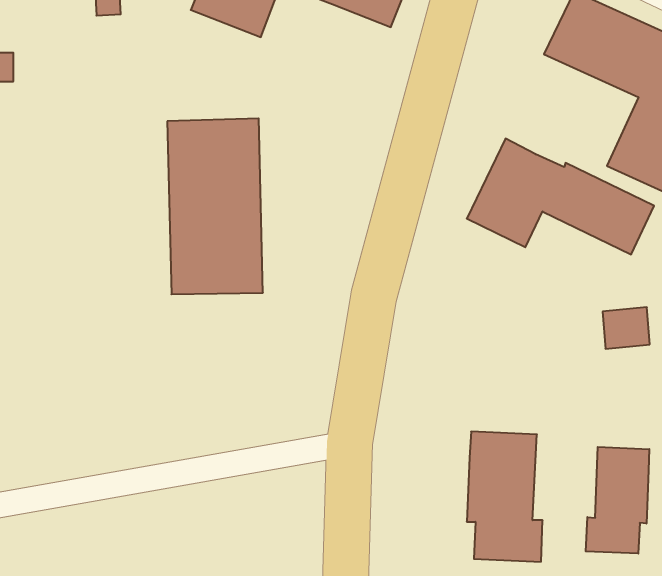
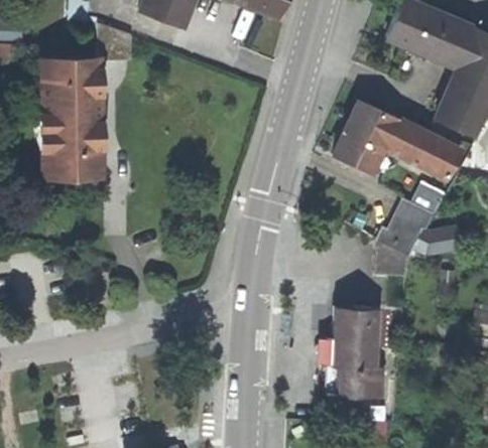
building: [167,118,263,294] -> [39,56,107,180]
building: none -> [373,191,429,274]
building: [586,447,649,554] -> none

